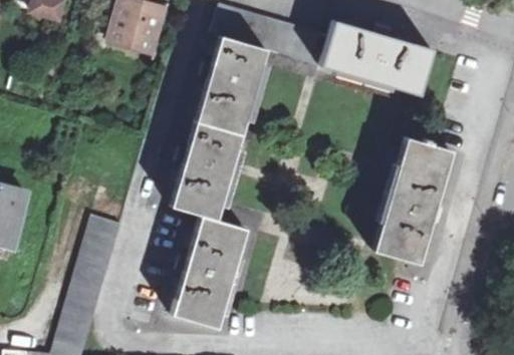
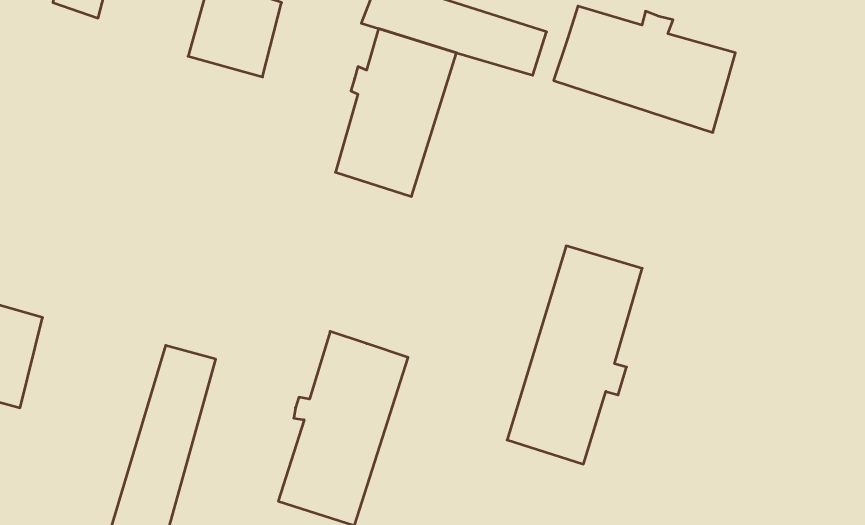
building: [174,117,243,217] -> none
building: [370,138,449,265] -> [507,246,642,464]

